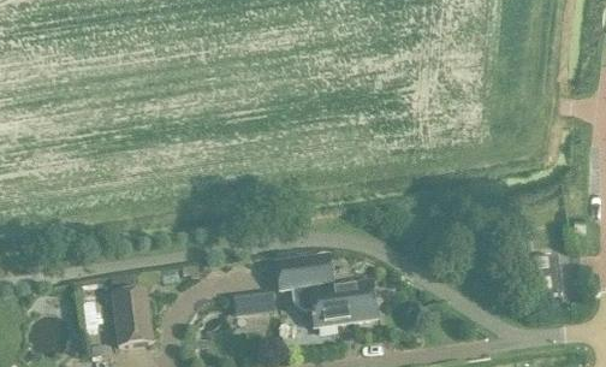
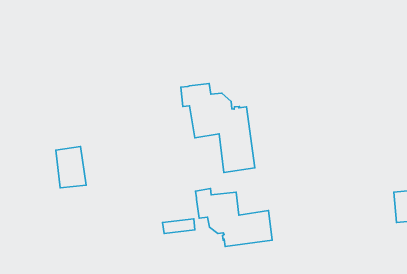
building: none -> [181,83,255,172]
building: [113,291,153,345] -> [56,146,86,188]

